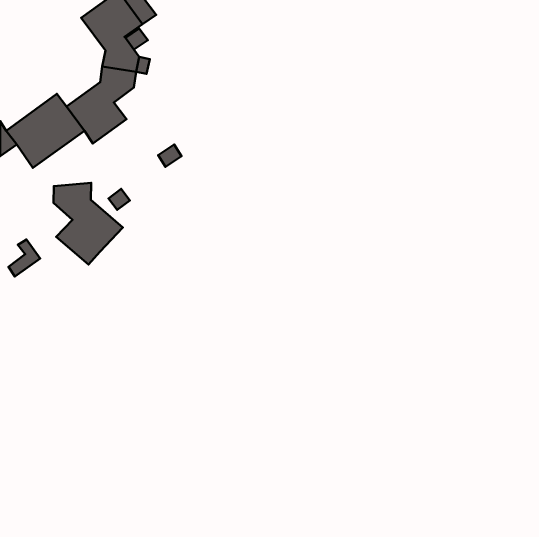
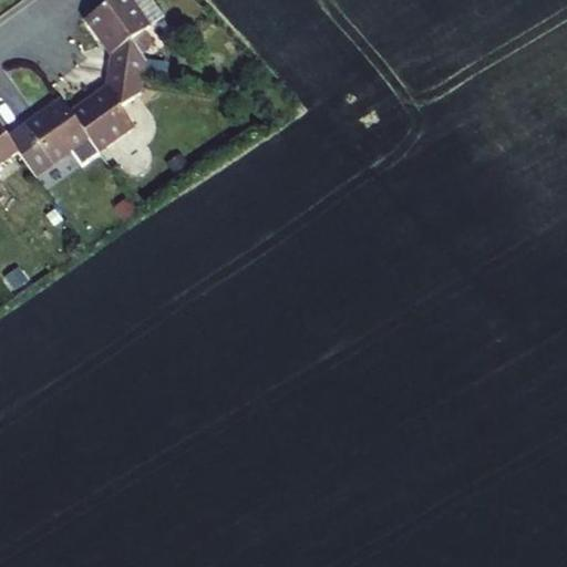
building: [54,183,123,265] -> none

